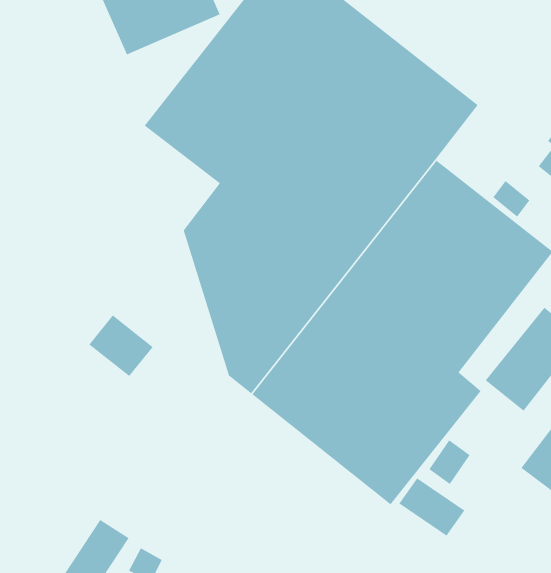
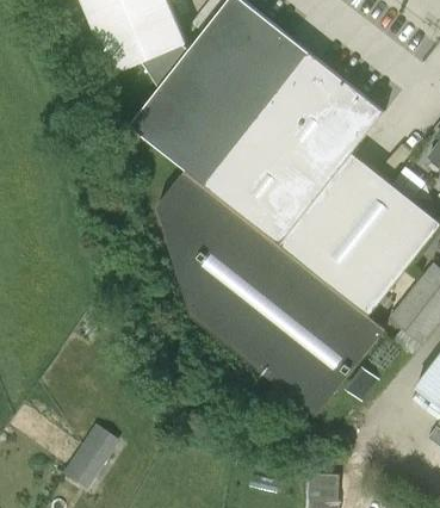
building: [88,315,154,377] -> none
building: [399,477,465,537] -> none

